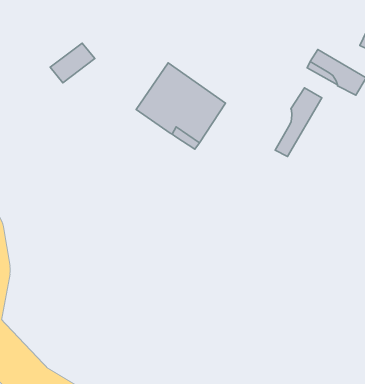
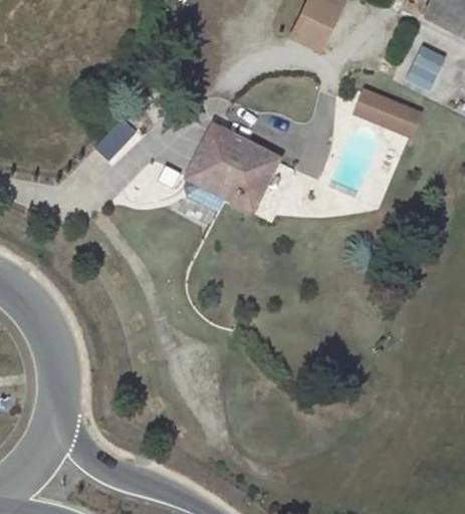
building: [275,88,322,157] -> none

